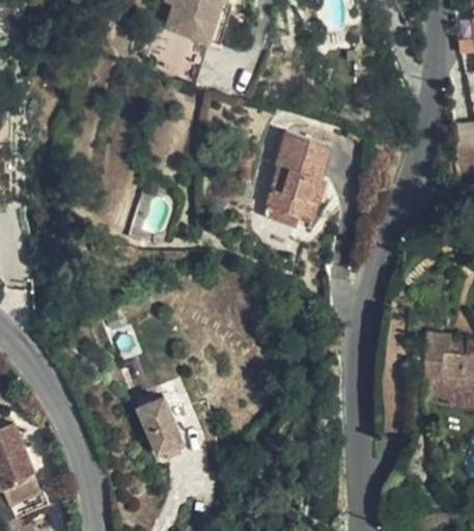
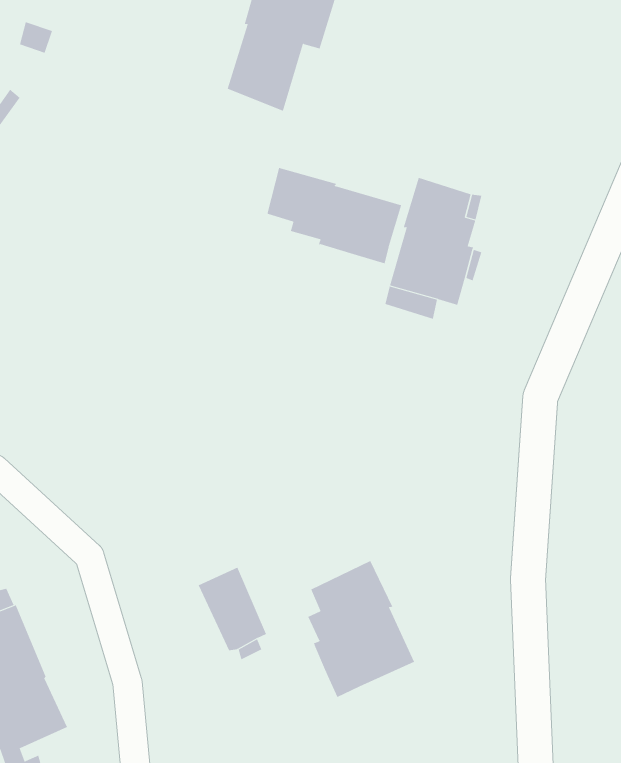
building: none -> [267,167,402,264]
building: none -> [308,560,415,698]

